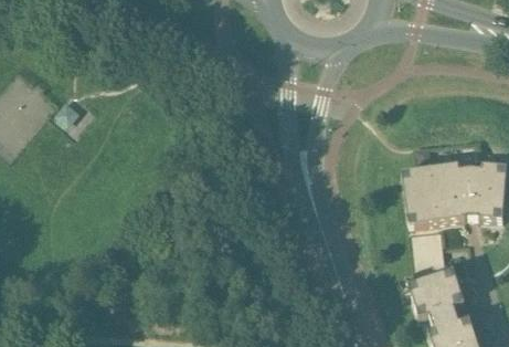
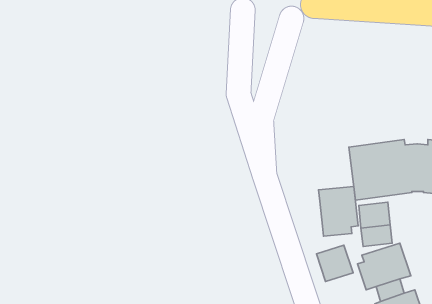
building: none -> [318,186,358,236]
building: none -> [316,245,353,282]

